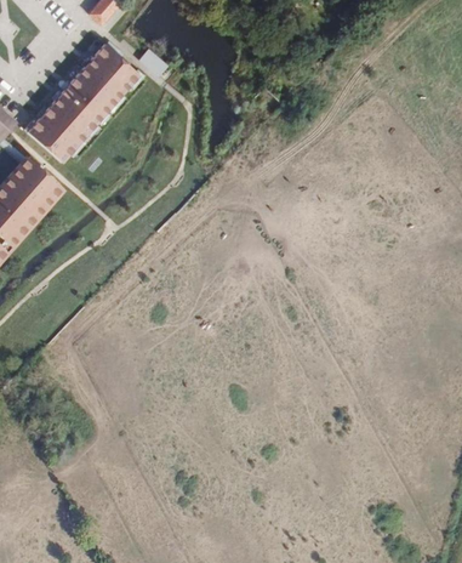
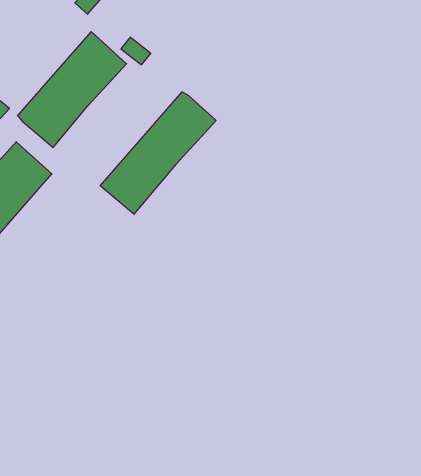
building: none -> [100,92,216,214]

